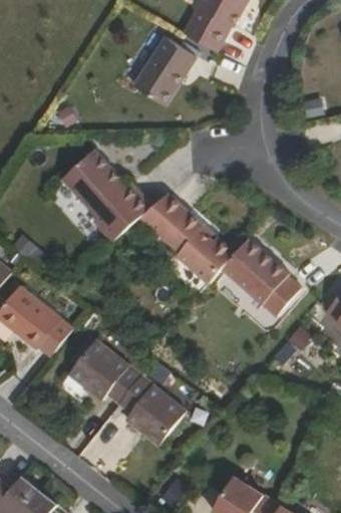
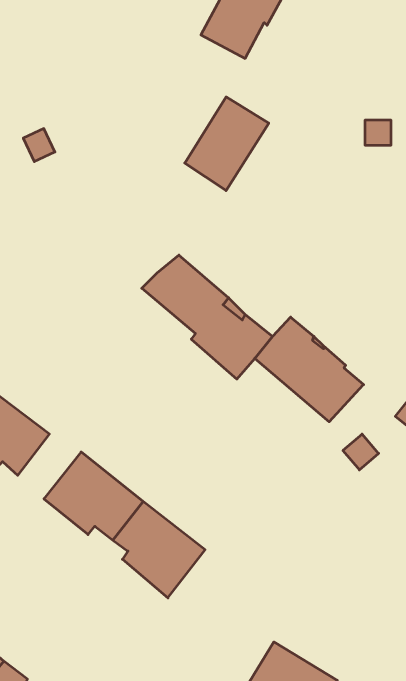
building: [132,39,194,107] -> [185,97,269,191]
building: [62,152,150,243] -> none

